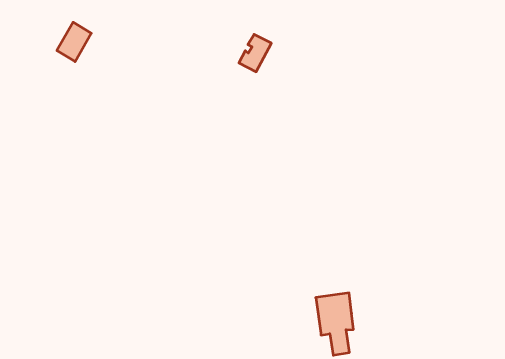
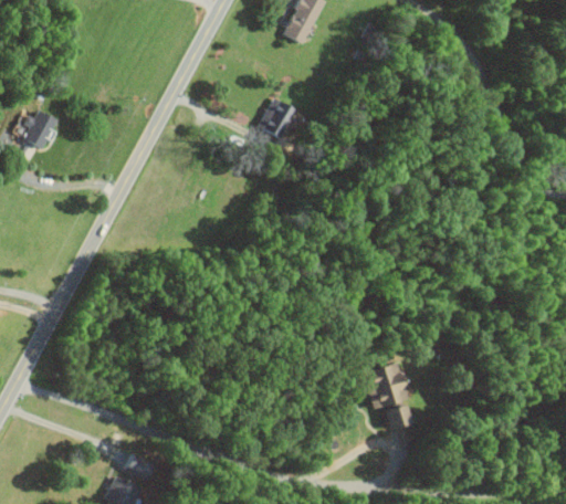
building: [57,22,91,62] -> [25,109,60,150]

